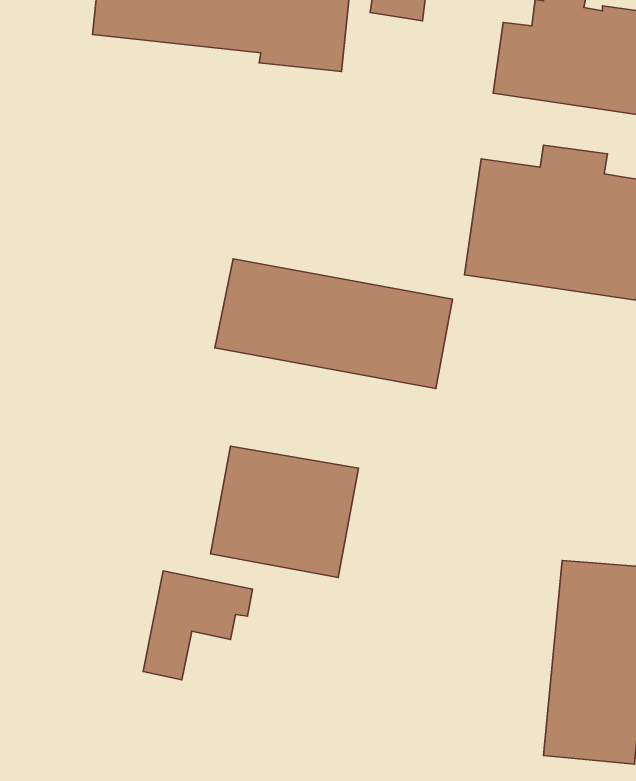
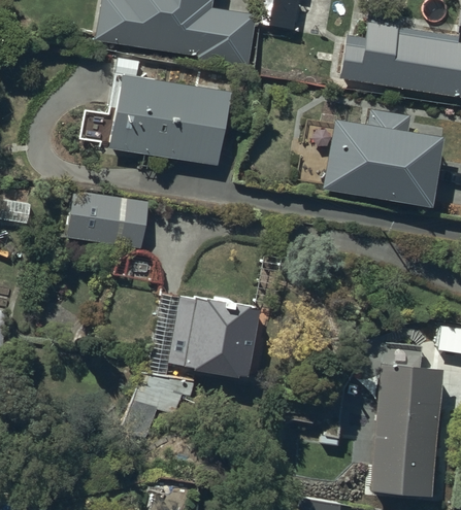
building: none -> [109,57,228,165]
building: [215,259,453,388] -> none
building: none -> [66,190,150,248]

